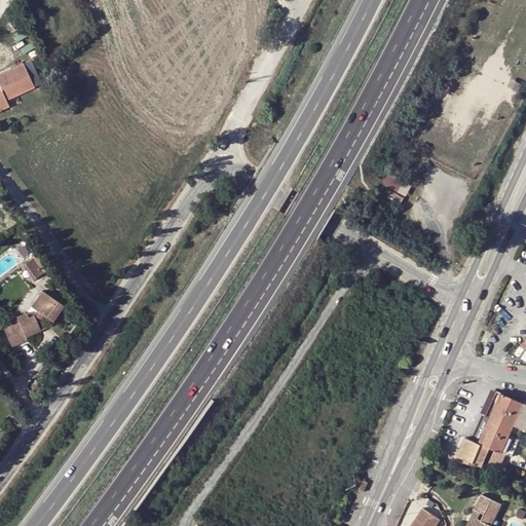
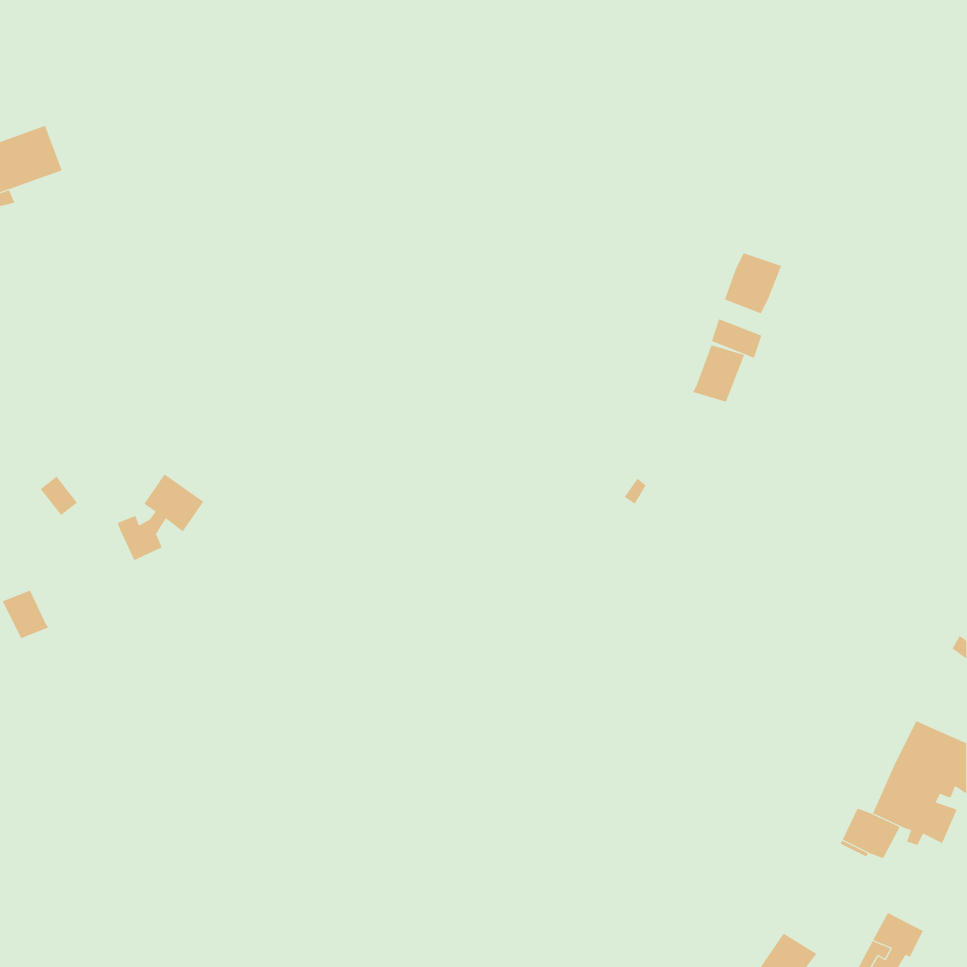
building: none -> [724,252,782,314]
building: none -> [692,345,745,402]
building: [15,291,63,338] -> [117,474,204,561]

